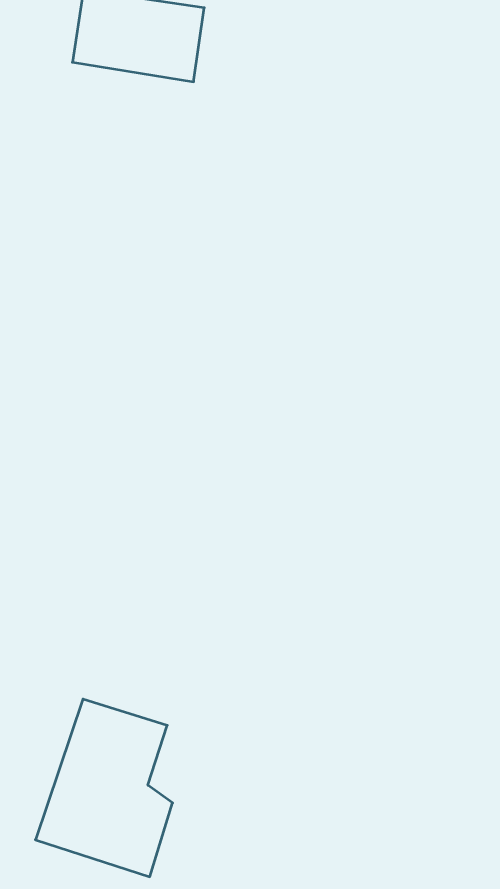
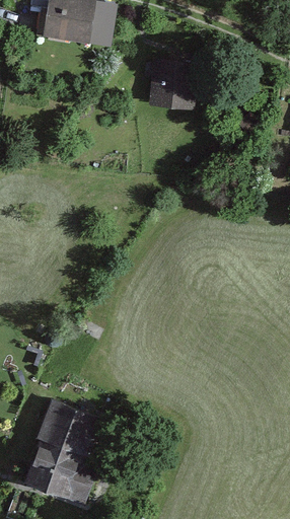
building: none -> [150,56,196,103]

